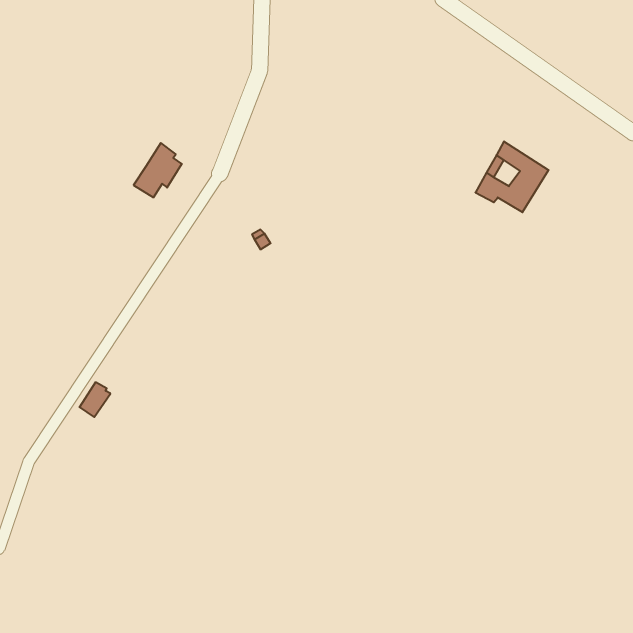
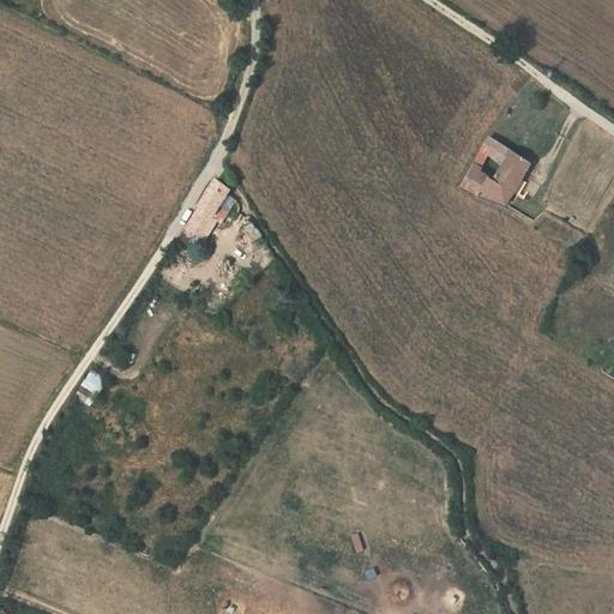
building: [134,143,182,197] -> [188,180,235,233]

